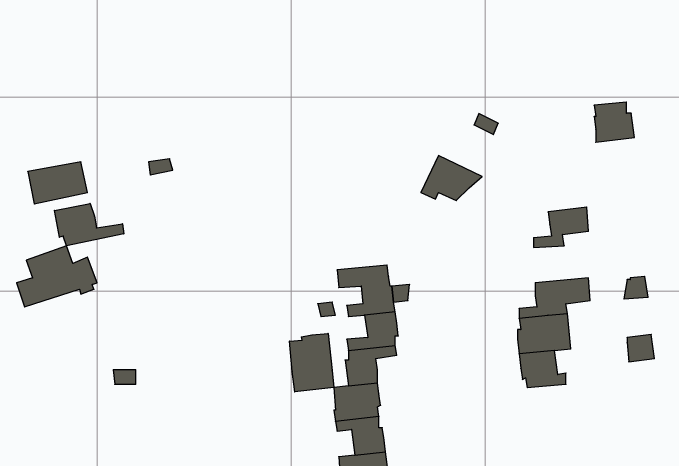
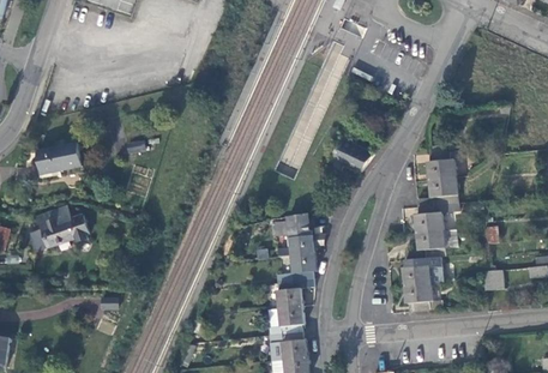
building: [594,102,634,142] -> [424,150,454,180]
building: [54,203,124,246] -> none
building: none -> [414,203,454,233]
building: [290,333,334,392] -> none

